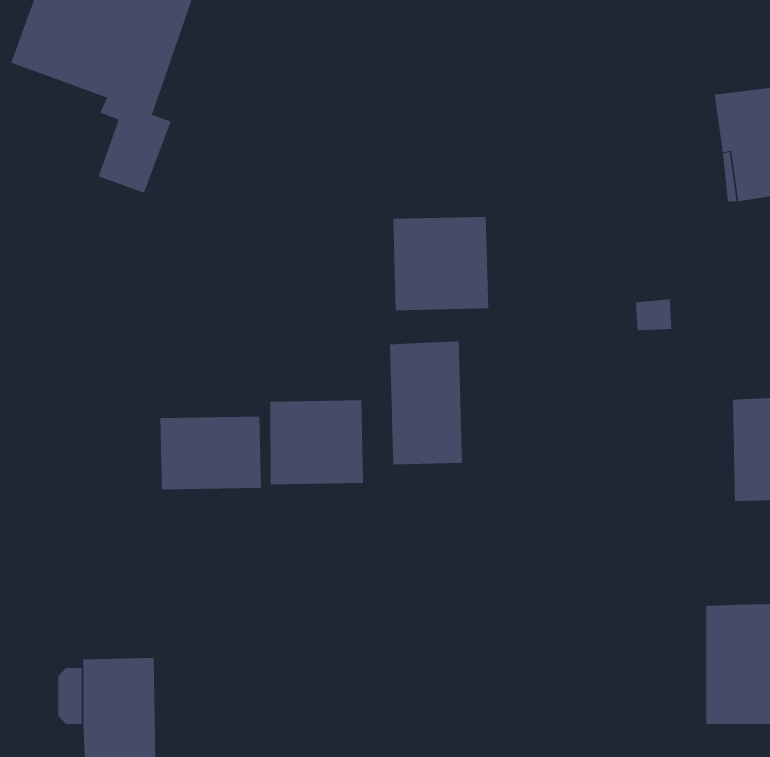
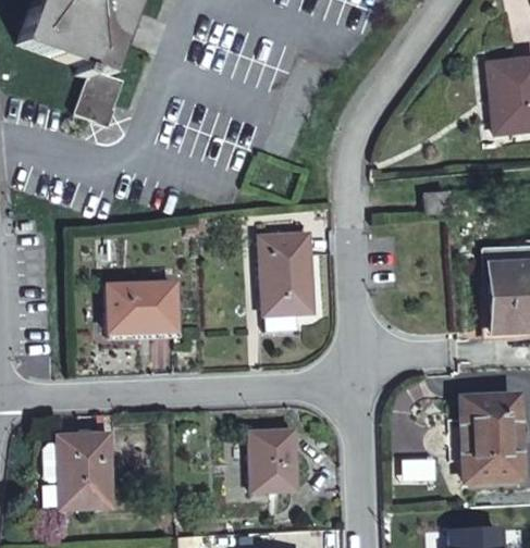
building: [393,216,489,311] -> none
building: [270,400,363,485] -> none
building: none -> [250,429,297,491]

